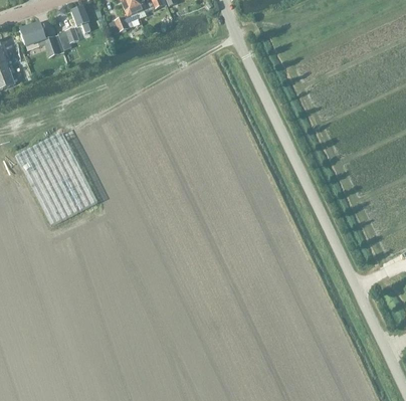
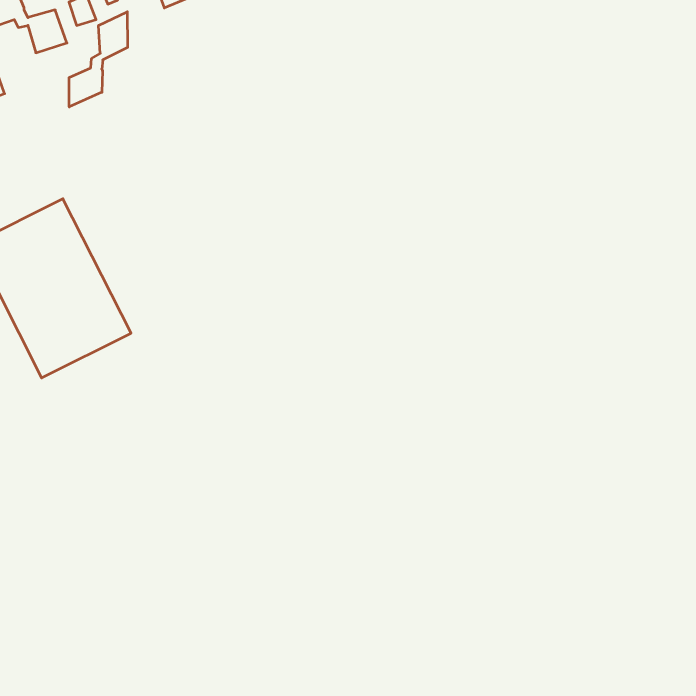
building: none -> [69,12,128,107]

